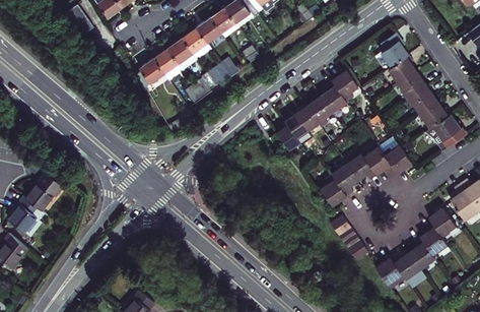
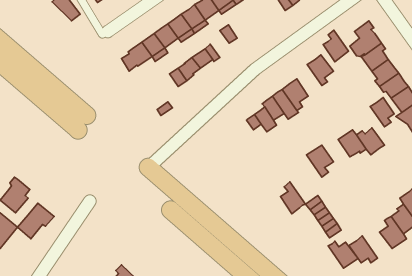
building: [320,78,346,112] -> [323,30,348,62]
building: none -> [370,98,394,127]
building: [346,153,375,181] -> none
building: [25,174,64,211] -> [17,203,54,239]
building: [320,174,346,207] -> [280,182,305,214]
building: [389,254,420,283] -> [328,241,358,268]

